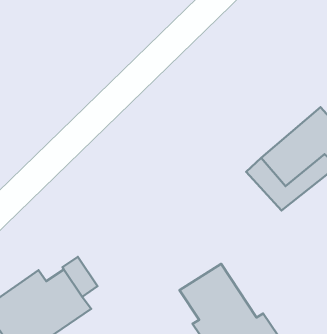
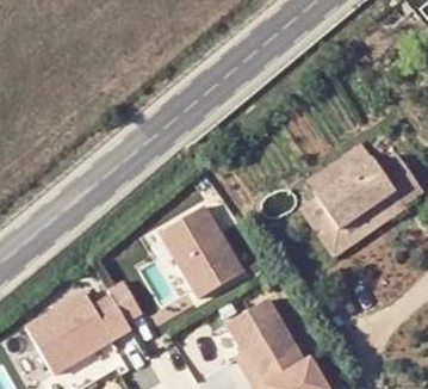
building: none -> [163,209,241,295]

